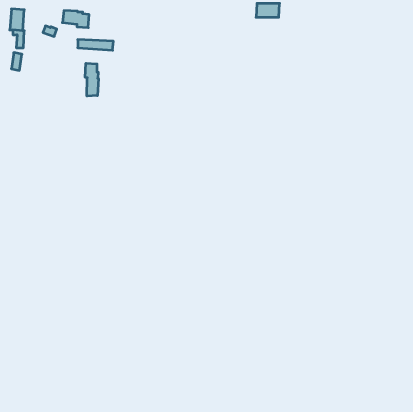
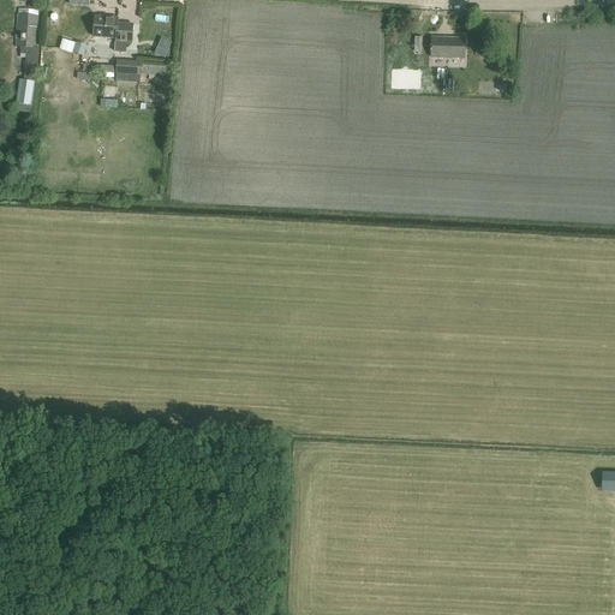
building: [256,3,280,17] -> [429,36,464,56]
building: [85,63,98,96] -> none

